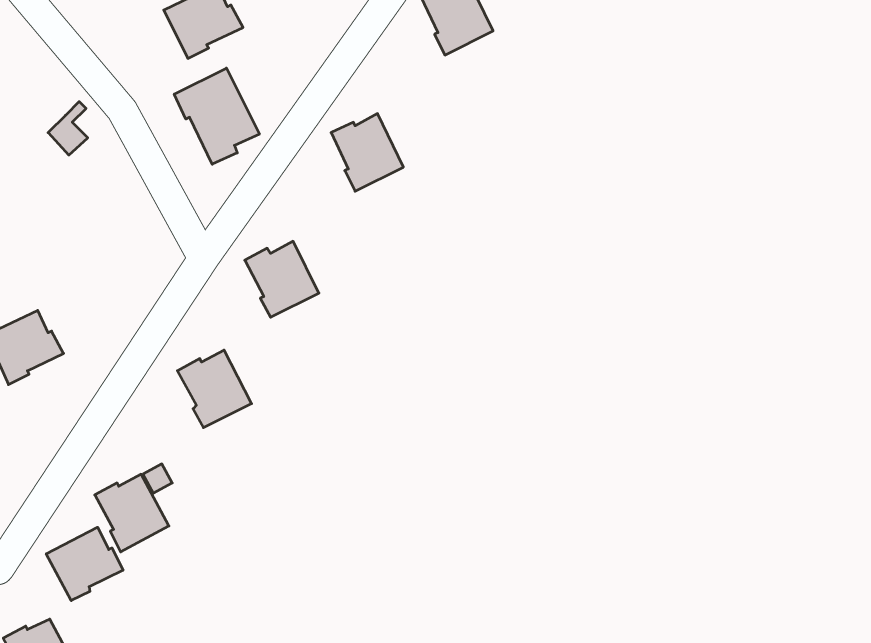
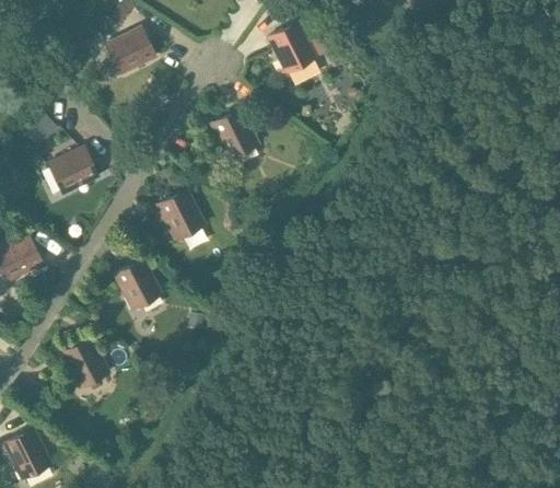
building: [174,68,259,164] -> none
building: none -> [48,149,97,196]
building: [46,527,123,601] -> none

